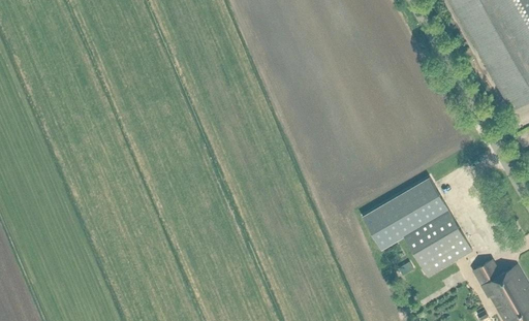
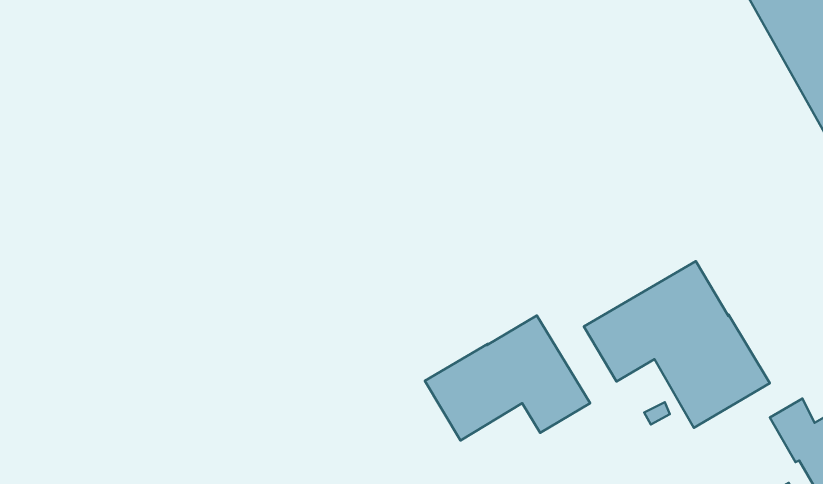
building: none -> [425,316,590,441]

